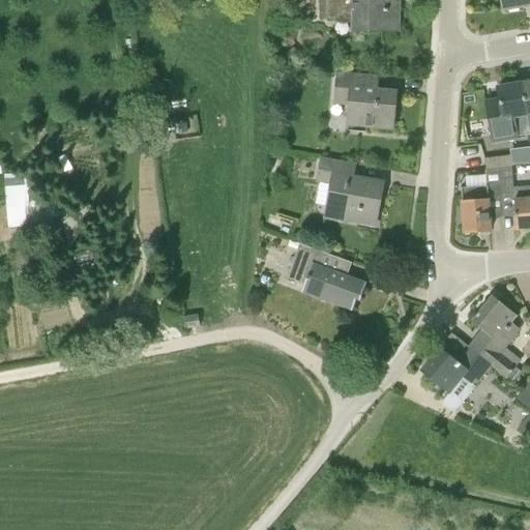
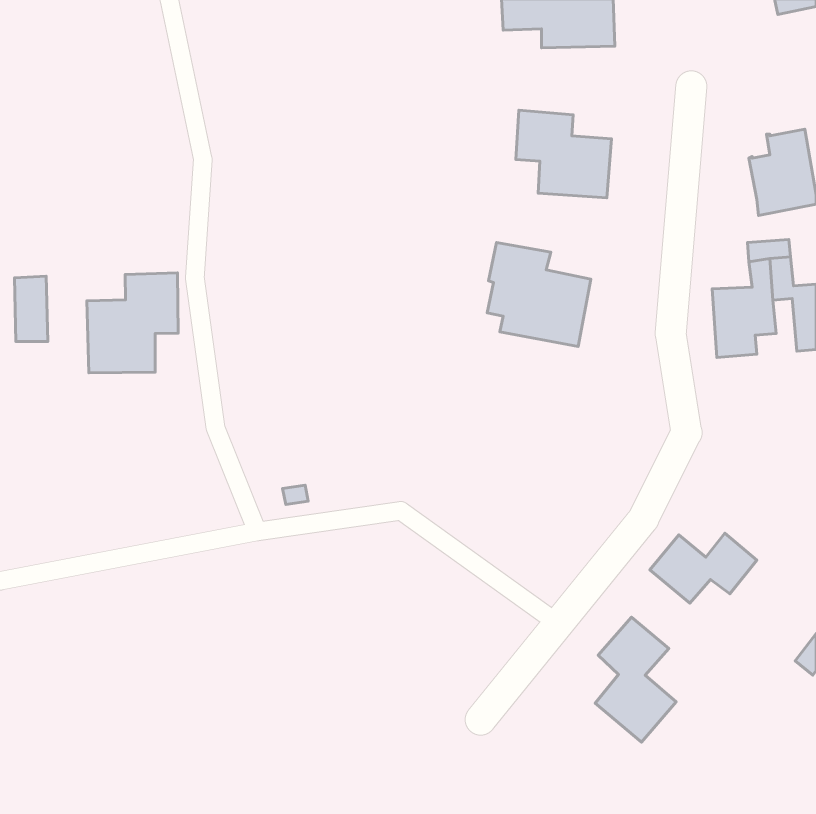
building: none -> [87,273,178,373]
building: [288,243,366,310] -> none
building: [470,295,520,377] -> none
building: none -> [595,617,676,742]

